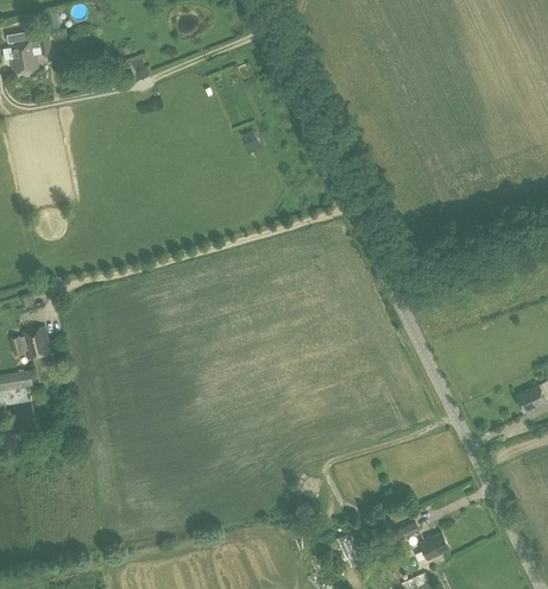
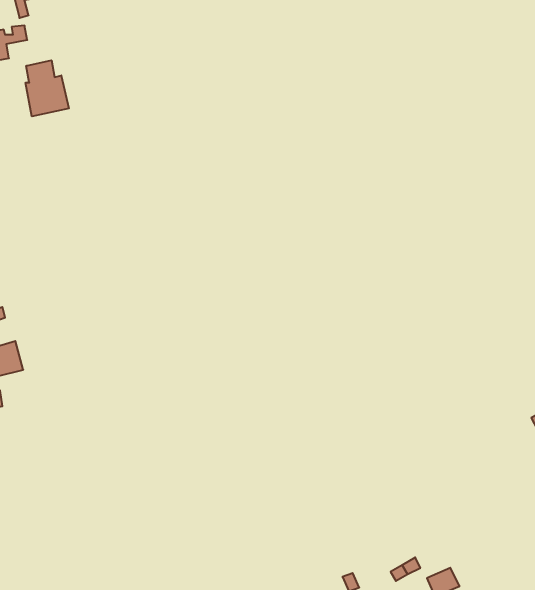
building: none -> [26,60,69,116]

